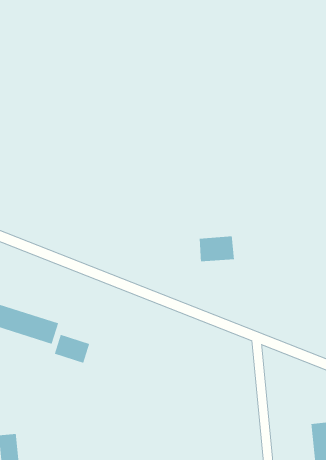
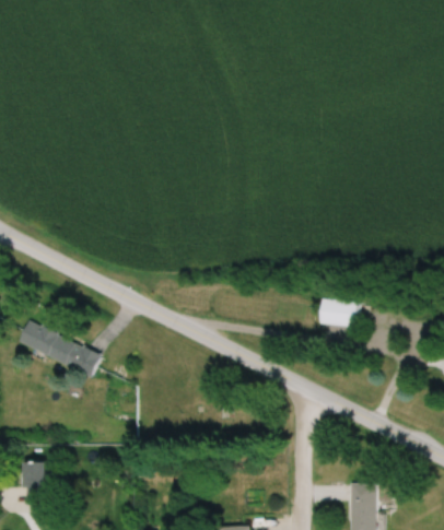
building: [199,236,235,262] -> [320,299,357,326]
building: [54,334,90,364] -> none

